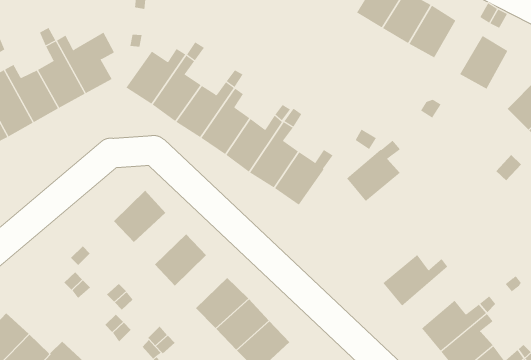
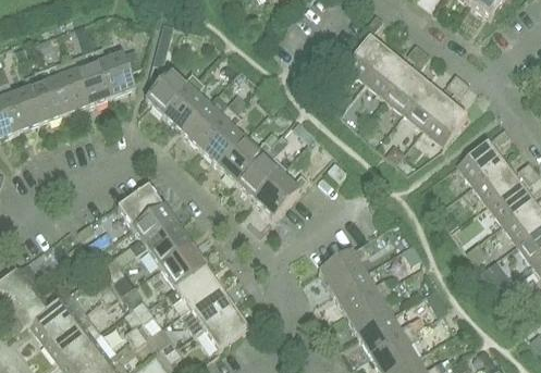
building: none -> [404,83,446,127]
building: [346,140,401,202] -> [319,243,368,290]
building: none -> [130,204,176,253]
building: none -> [160,245,205,287]
building: none -> [345,285,394,333]

